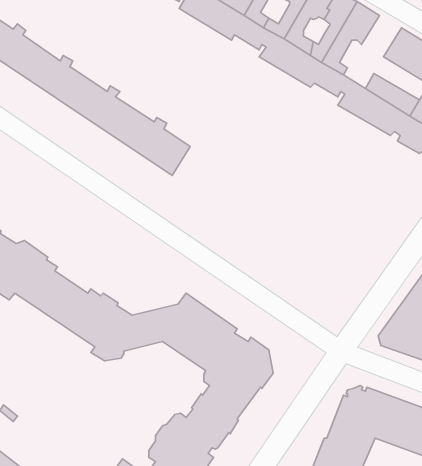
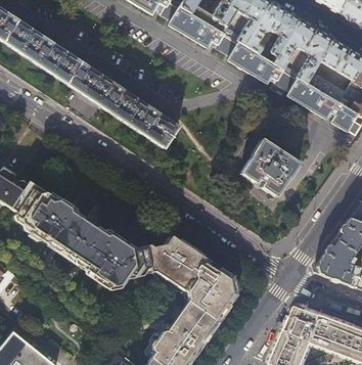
building: none -> [289,29,332,83]
building: none -> [239,139,297,194]

